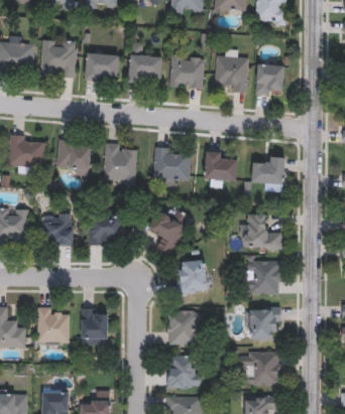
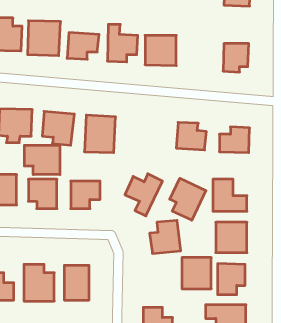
building: [214,49,249,94] -> none
building: [153,149,191,187] -> none
building: none -> [24,145,60,175]
building: none -> [170,178,206,220]
building: [167,310,200,344] -> [182,258,211,289]

